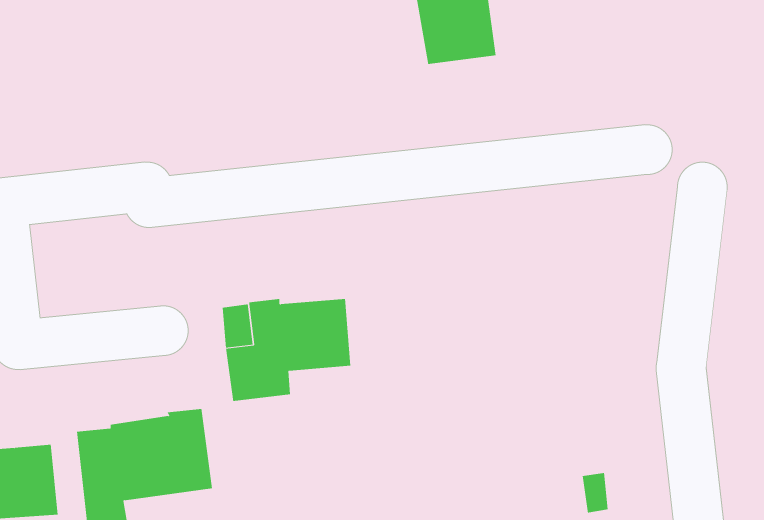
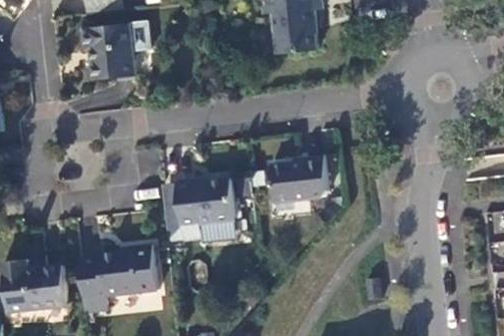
building: none -> [80,19,148,76]
building: none -> [272,154,327,203]

